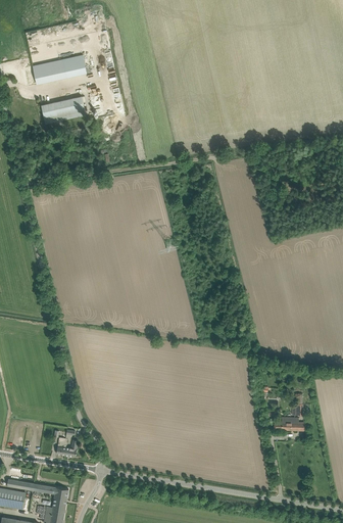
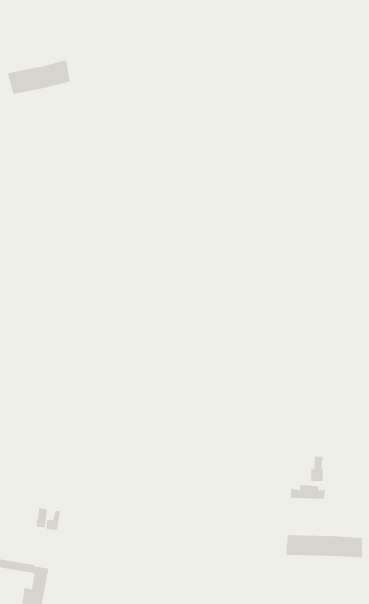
building: [40,96,84,124] -> none
building: none -> [286,535,363,558]

